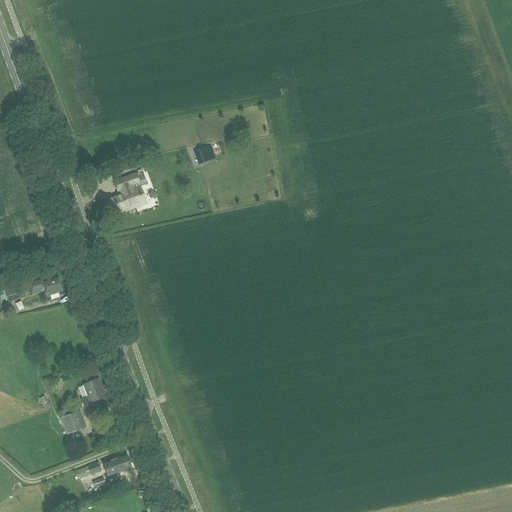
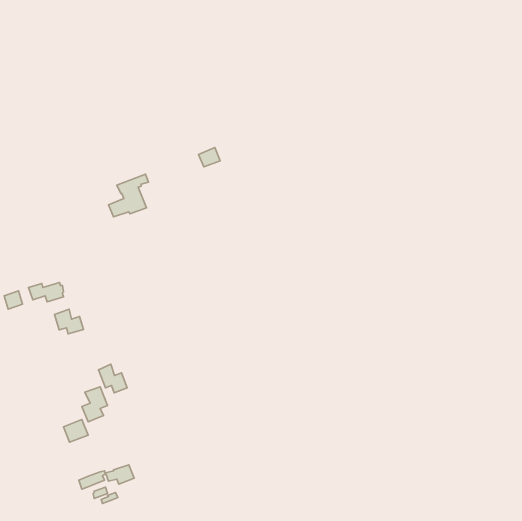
building: none -> [55,309,83,334]
building: none -> [98,364,127,393]

